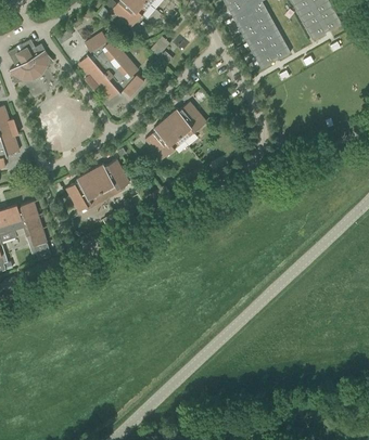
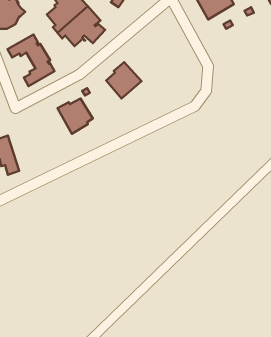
building: none -> [7,34,55,86]
building: [166,101,206,139] -> none
building: [66,169,106,209] -> none

